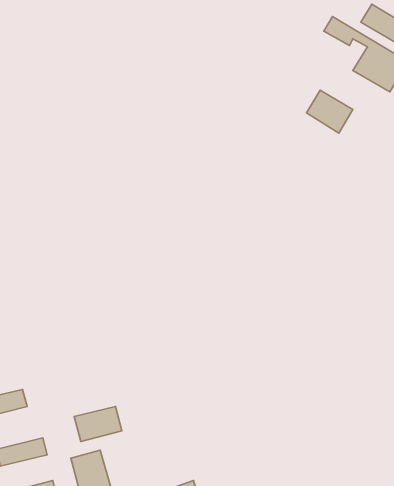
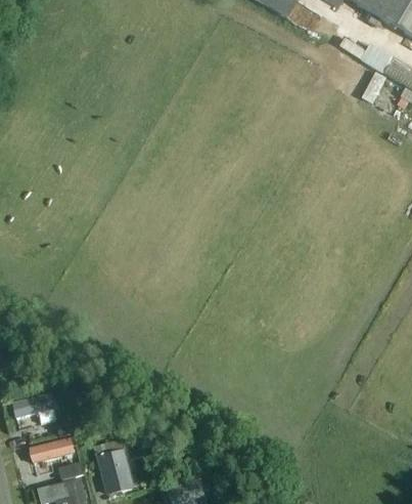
building: [307,90,353,133] -> none
building: [74,407,122,441] -> none

